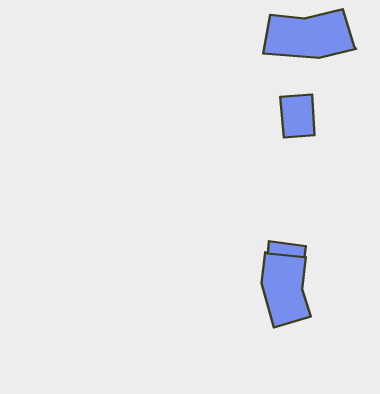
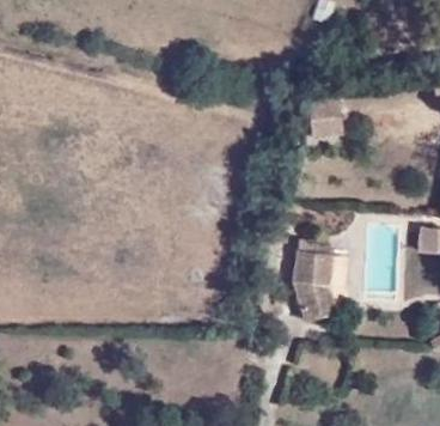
building: [263,9,356,58] -> none

